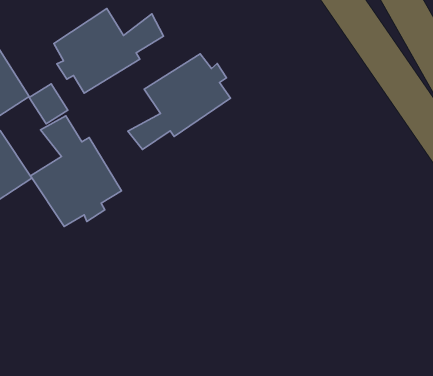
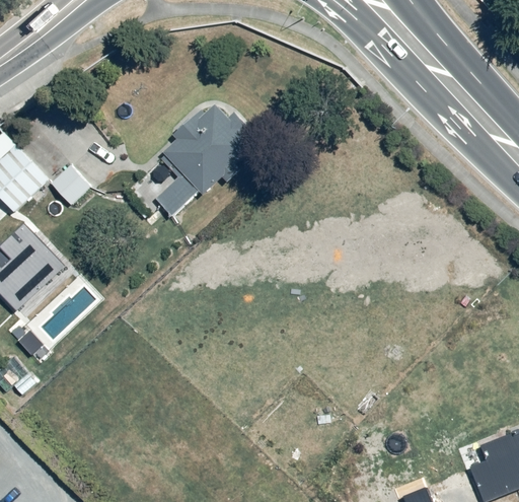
building: [54,8,163,93] -> none
building: [30,116,122,226] -> none

